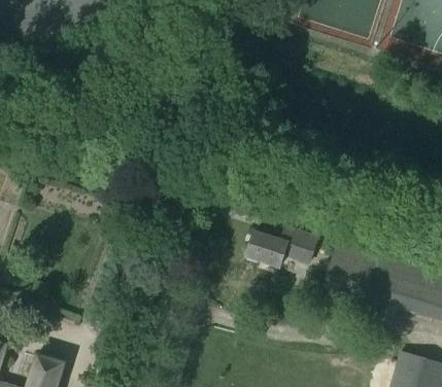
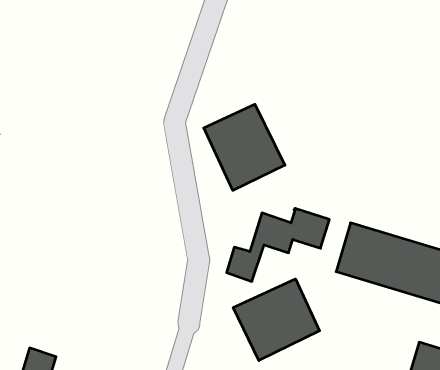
building: none -> [204,104,285,190]
building: none -> [233,279,320,361]

